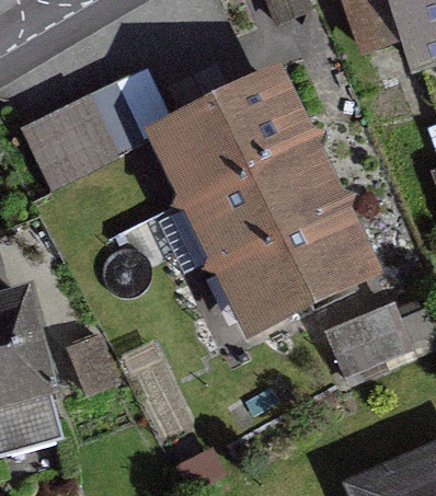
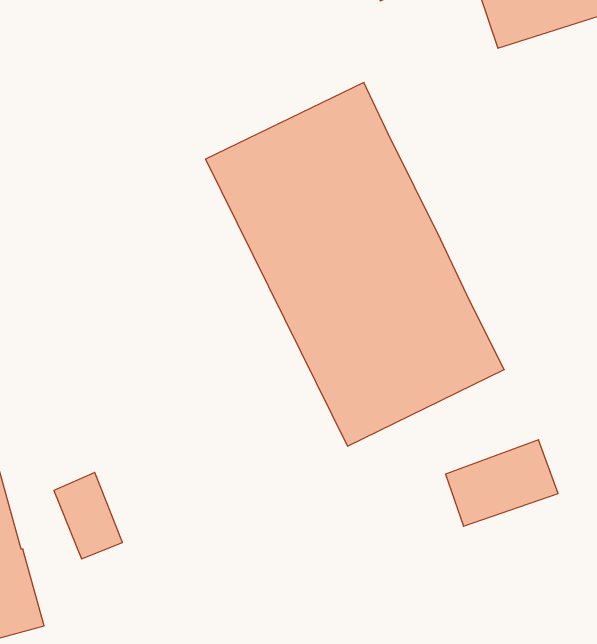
building: [36,82,145,175] -> none

